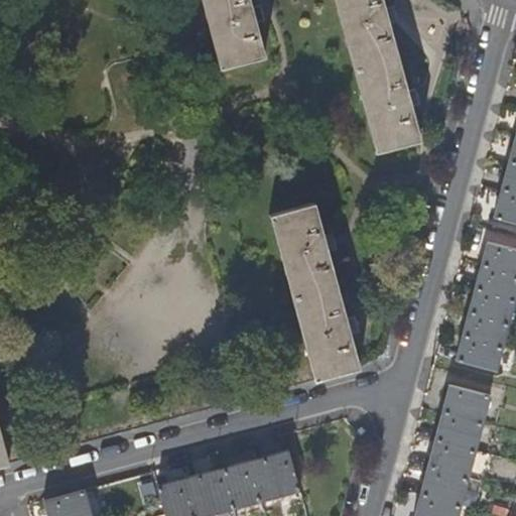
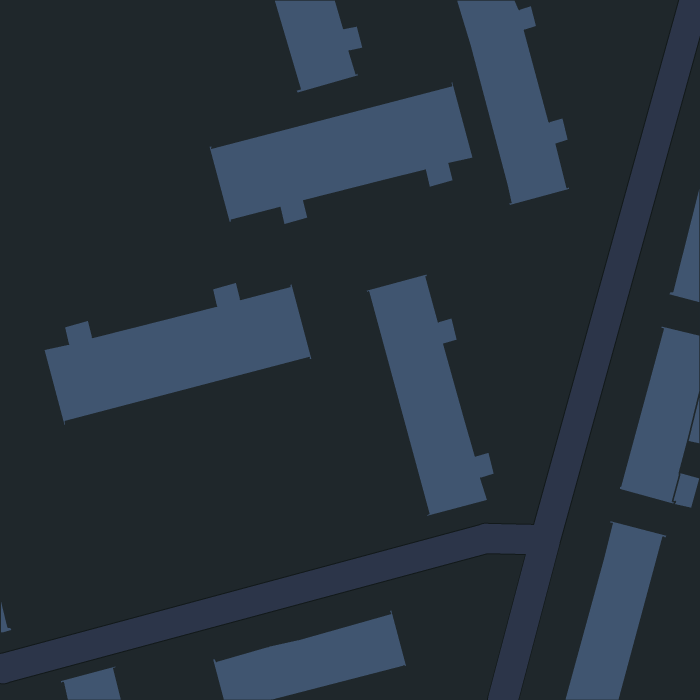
building: none -> [209,81,473,225]
building: none -> [44,282,312,426]

